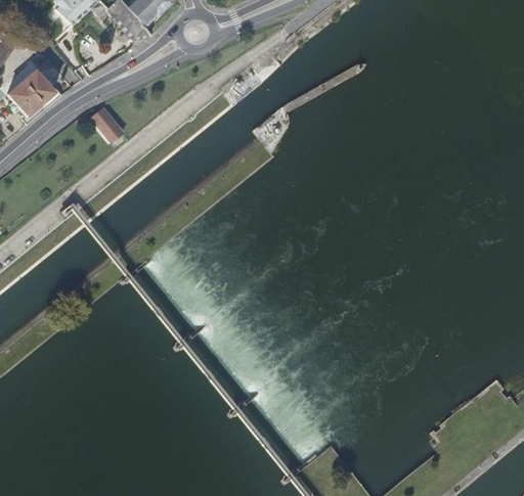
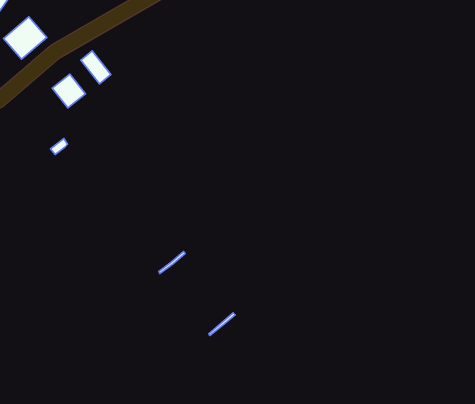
building: none -> [52,74,86,108]

